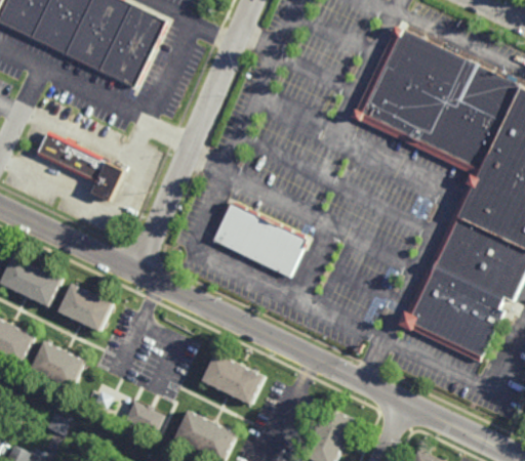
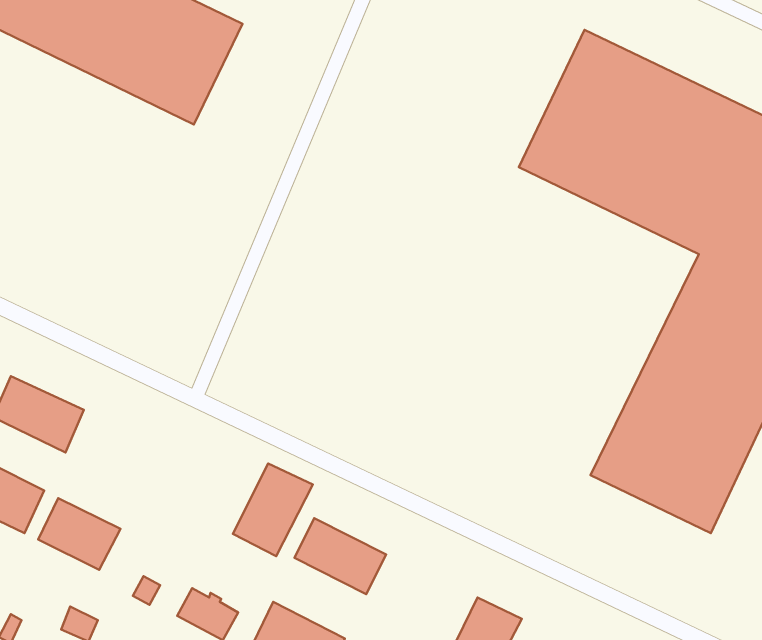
building: [36,132,124,203] -> none
building: [211,205,306,278] -> none
building: [59,285,113,331] -> none
building: none -> [233,463,313,556]

